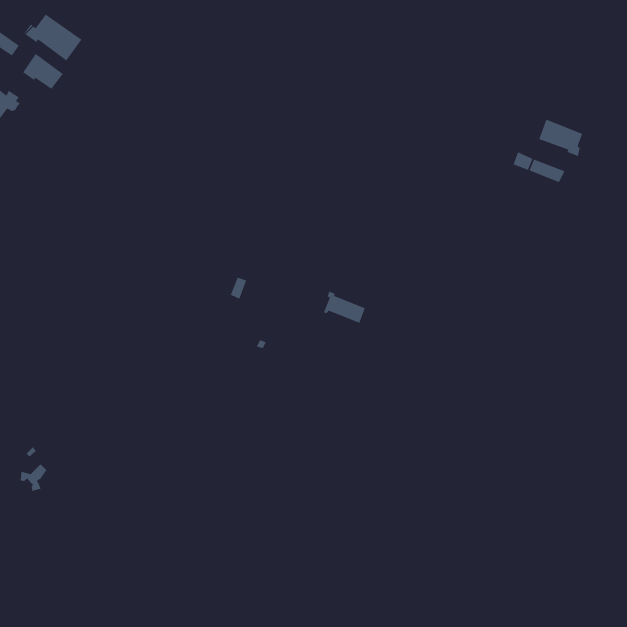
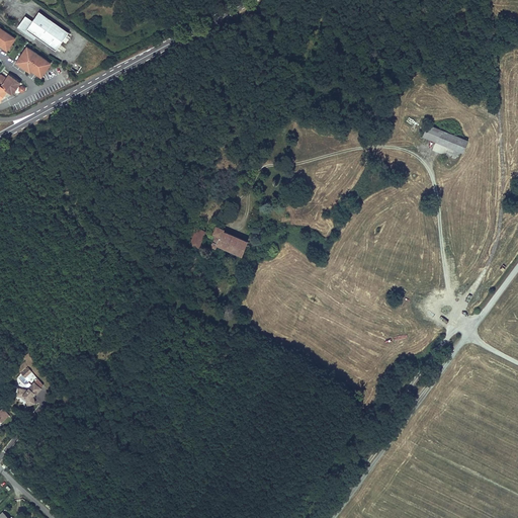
building: [538,119,583,157] -> none
building: [323,291,366,324] -> [210,228,246,255]

